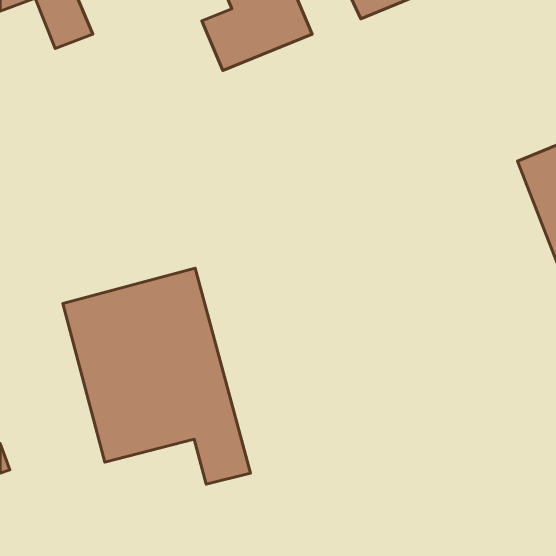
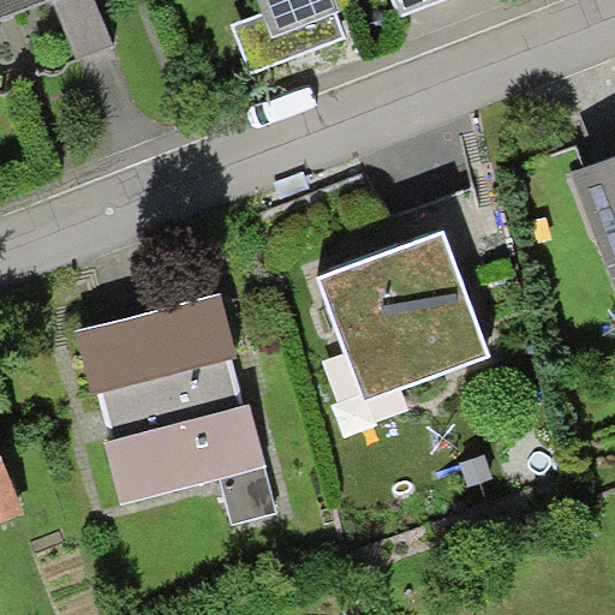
building: none -> [312,228,485,400]

